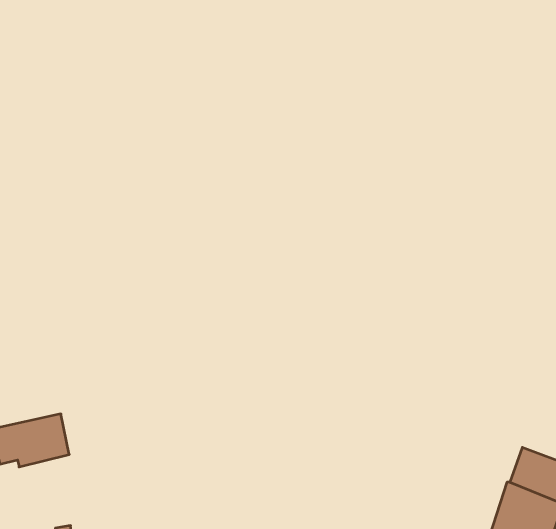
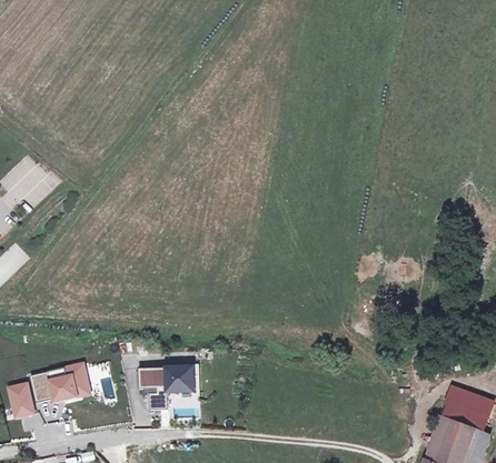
building: none -> [136,364,192,410]

